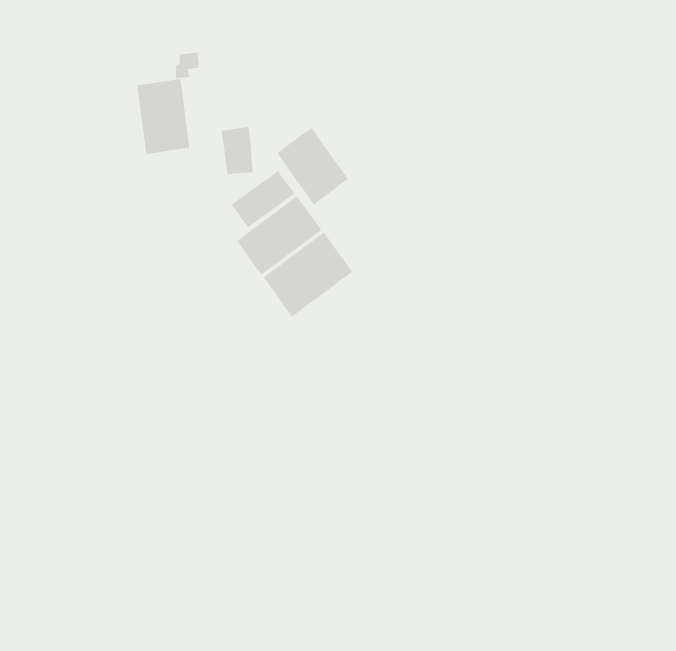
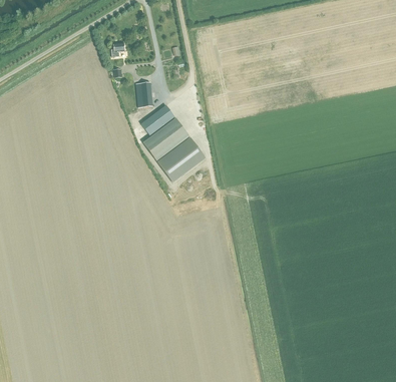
building: [137,78,190,155] -> none
building: [276,127,349,205] -> none

